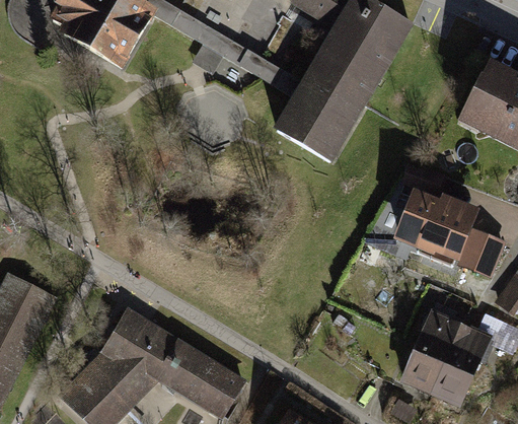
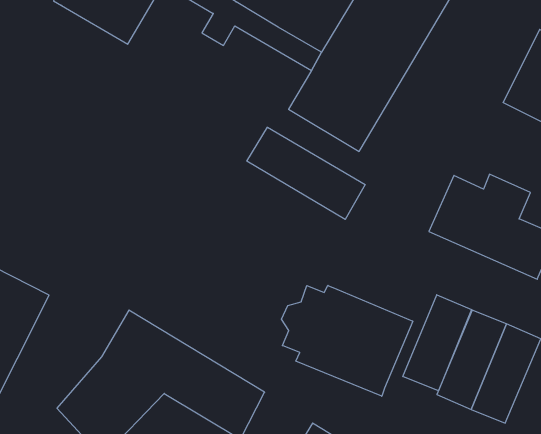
building: none -> [247,127,365,219]
building: none -> [282,285,413,396]
building: none -> [403,295,472,391]

